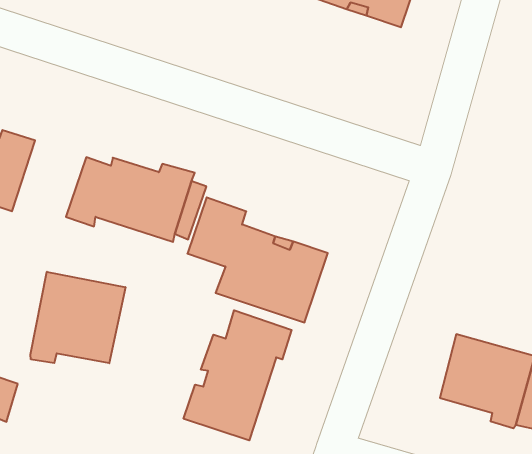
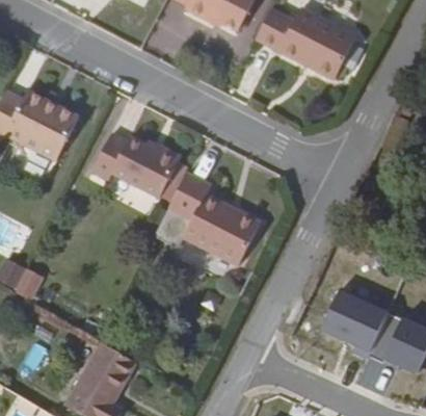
building: [30,272,125,363] -> none
building: [184,310,292,440] -> none

